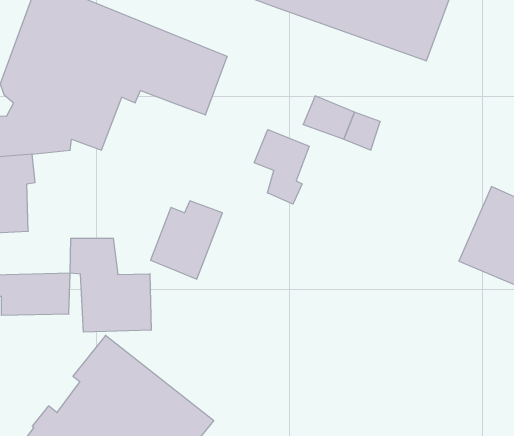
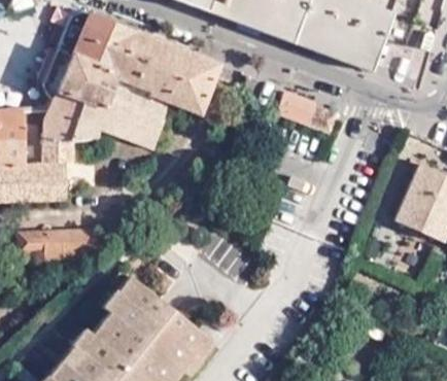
building: [254,130,309,204] -> none
building: [151,201,222,279] -> [124,91,178,150]
building: [70,238,151,332] -> none

